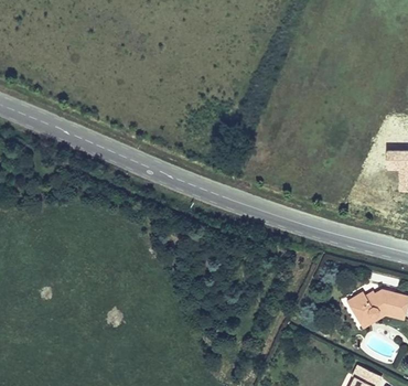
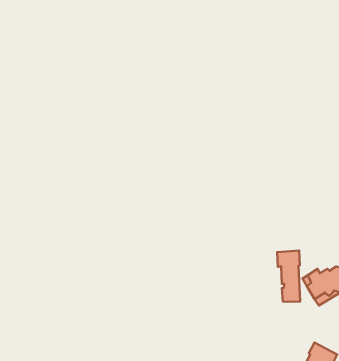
building: none -> [277,250,300,302]

